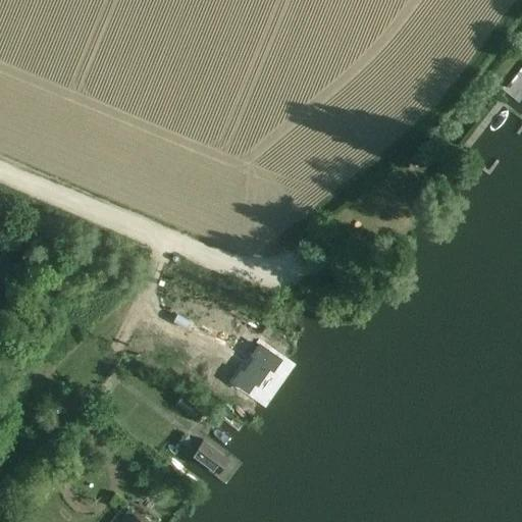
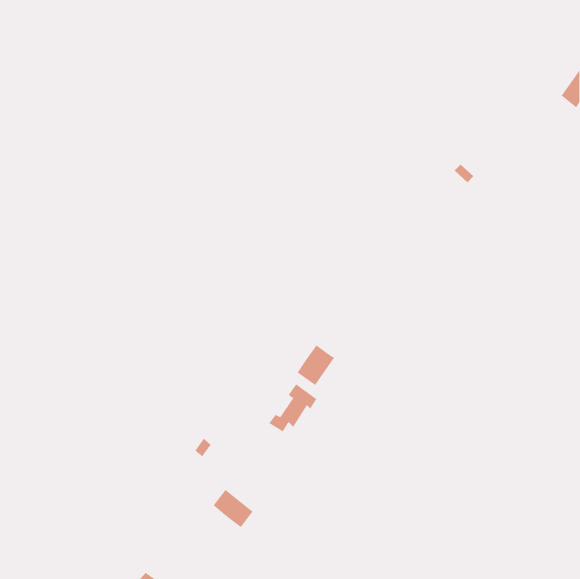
building: none -> [297,345,335,386]

